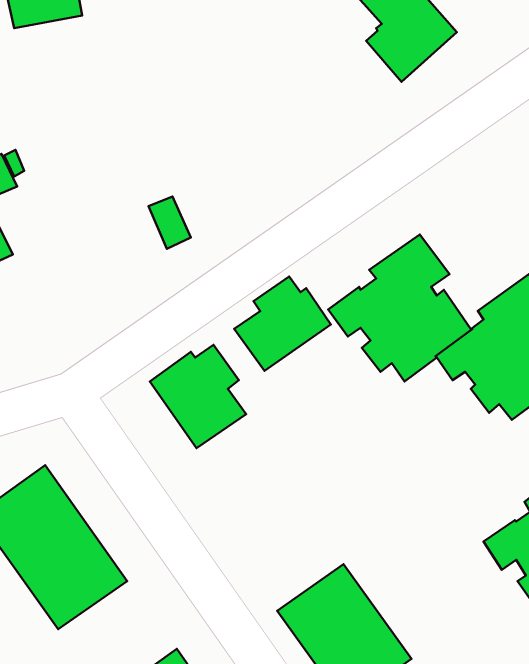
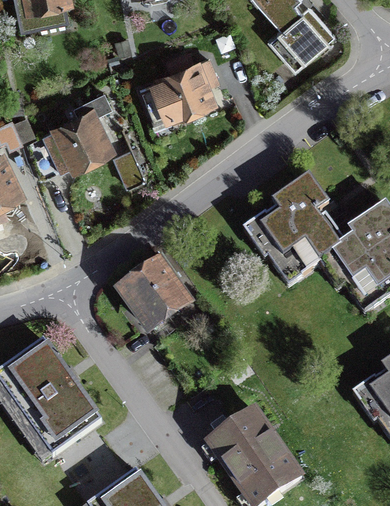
building: none -> [141,52,217,123]
building: none -> [27,93,112,180]
building: [234,277,331,371] -> none

